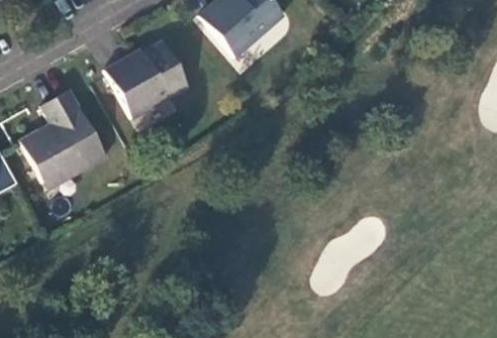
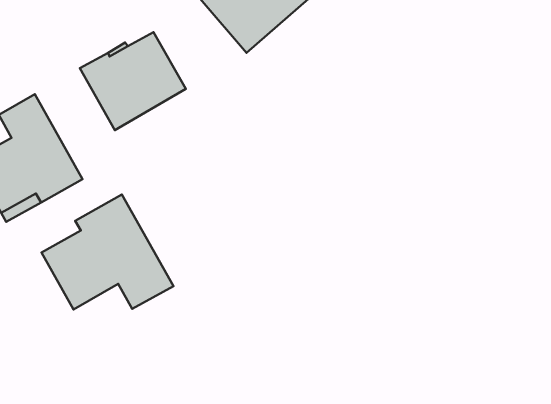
building: none -> [42,195,173,310]

